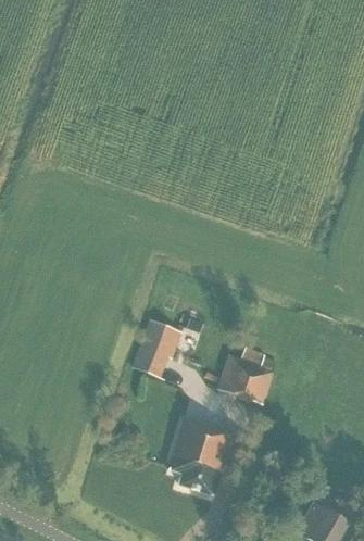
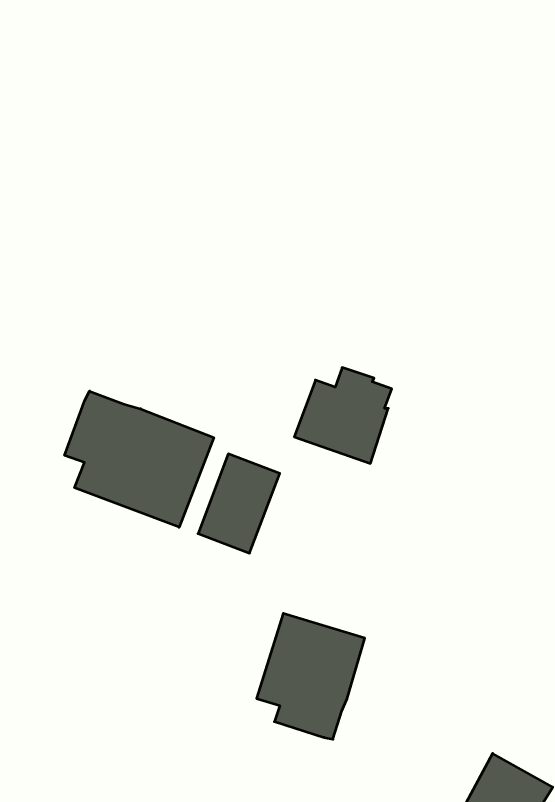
building: none -> [65,391,214,527]
building: [215,345,275,404] -> [294,368,392,463]

